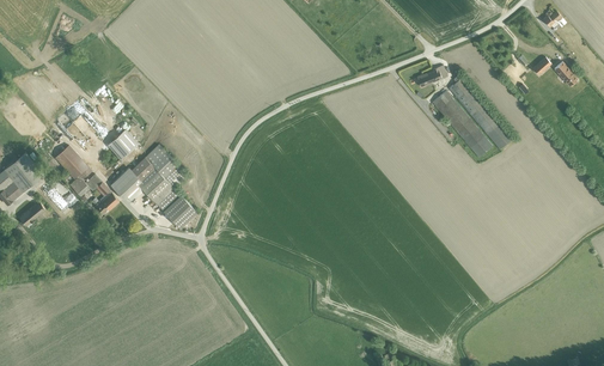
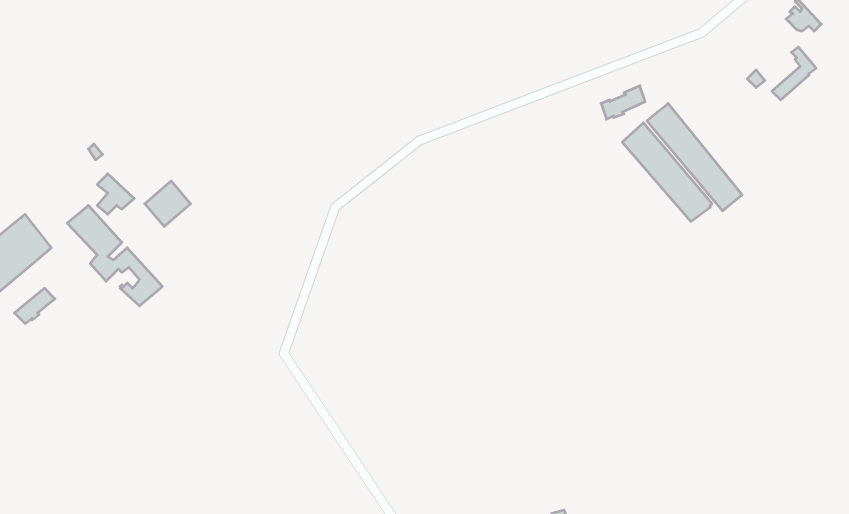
building: [111,145,196,230] -> none

